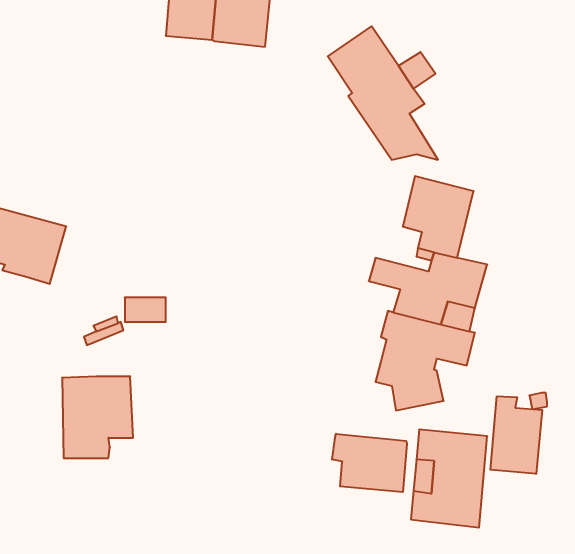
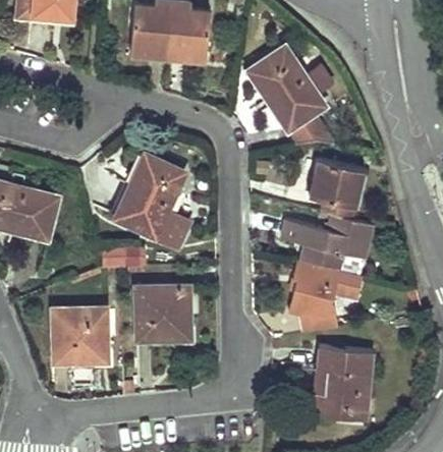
building: none -> [116,157,189,248]
building: none -> [137,286,189,340]
building: [490,396,542,474] -> none
building: [332,434,407,492] -> none

